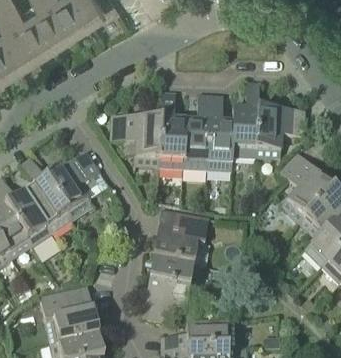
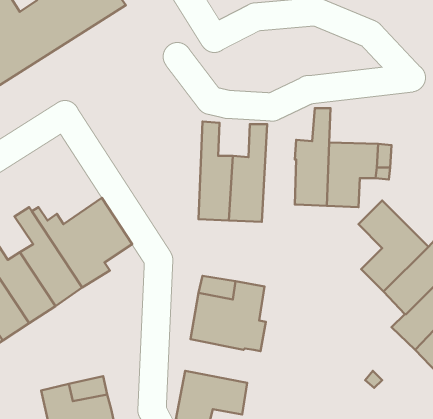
building: [207,98,233,173] -> none
building: [110,119,161,170] -> none
building: [149,261,201,294] -> none

